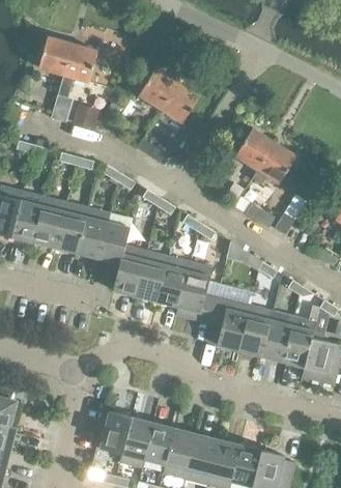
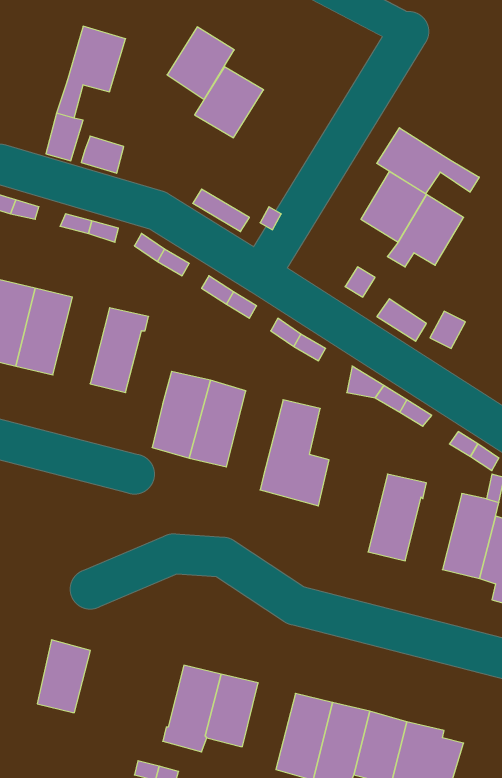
building: [37,35,72,75] -> none
building: [160,80,199,122] -> [167,27,234,99]
building: none -> [377,128,479,194]
building: [54,201,87,252] -> none
building: [96,212,130,263] -> none
building: [155,256,189,306] -> none
building: [209,296,250,350] -> none
building: [260,310,293,361] -> none
building: [100,410,131,453] -> [37,640,90,713]
building: [162,427,196,478] -> none

